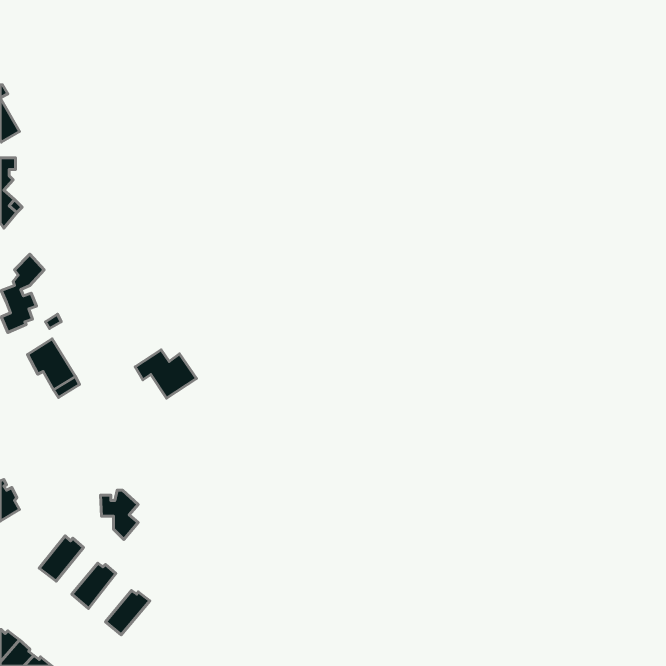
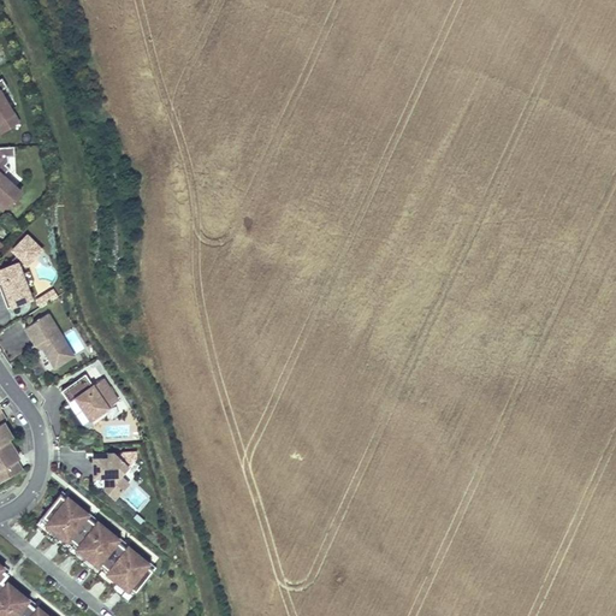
building: [135,350,196,398] -> [61,374,118,419]
building: none -> [52,505,90,549]
building: none -> [82,529,122,574]
building: none -> [112,555,152,599]

